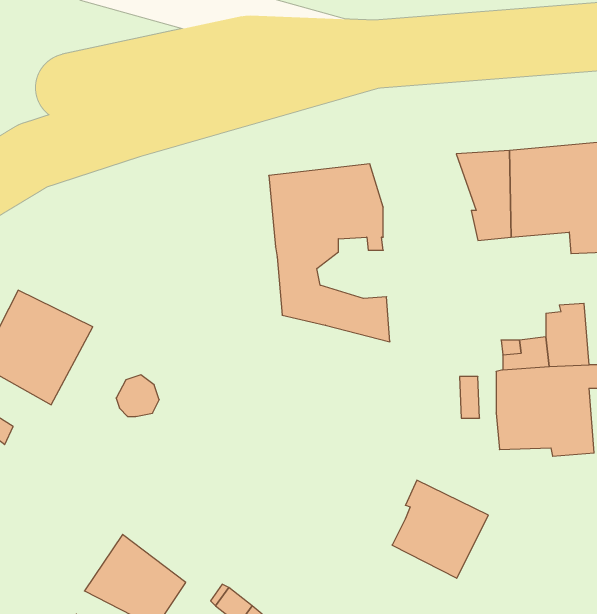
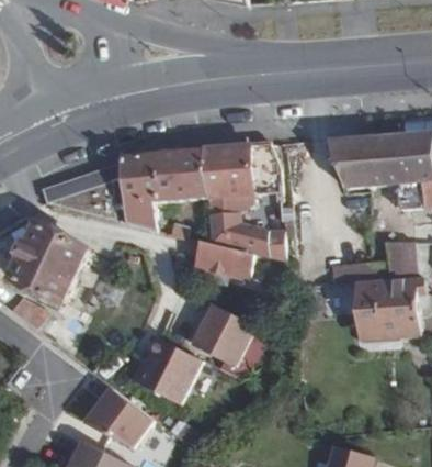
building: none -> [45,149,208,238]
building: none -> [197,240,241,275]
building: none -> [133,336,202,402]
building: [392,480,488,578] -> [198,302,262,367]

